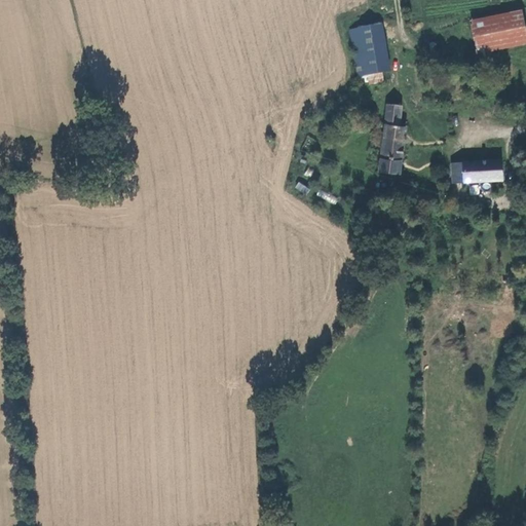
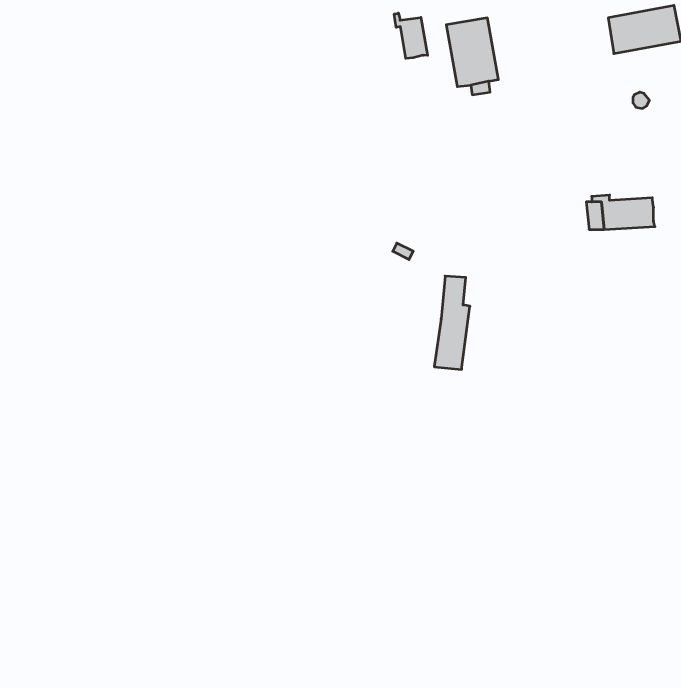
building: none -> [394,13,428,58]
building: [380,103,407,173] -> [434,276,470,369]

